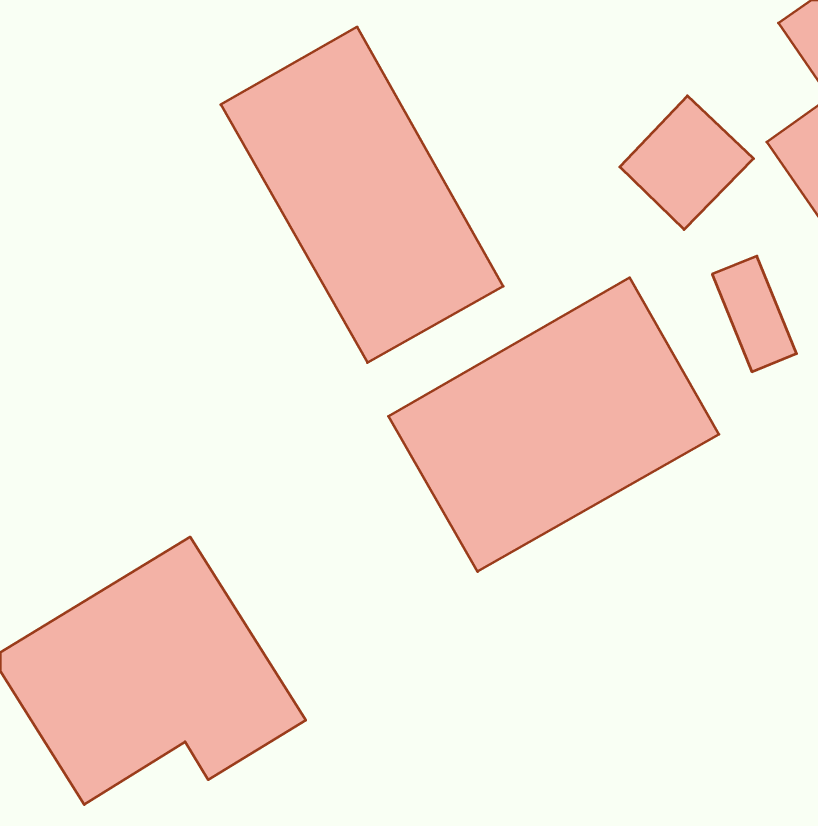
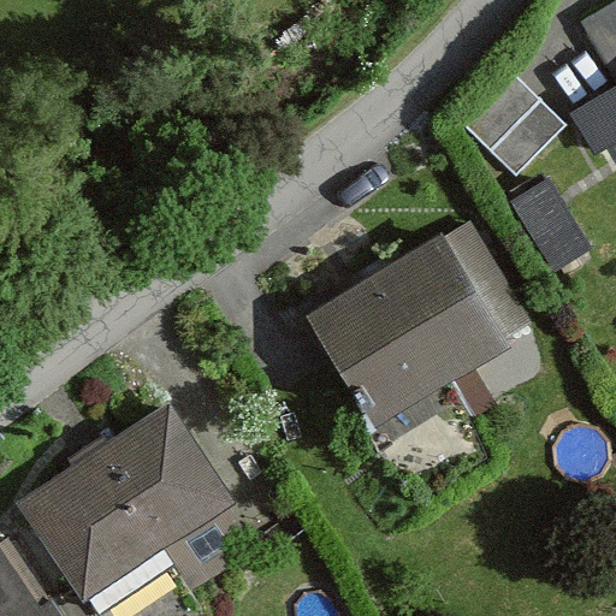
building: [221,27,503,363] -> none

